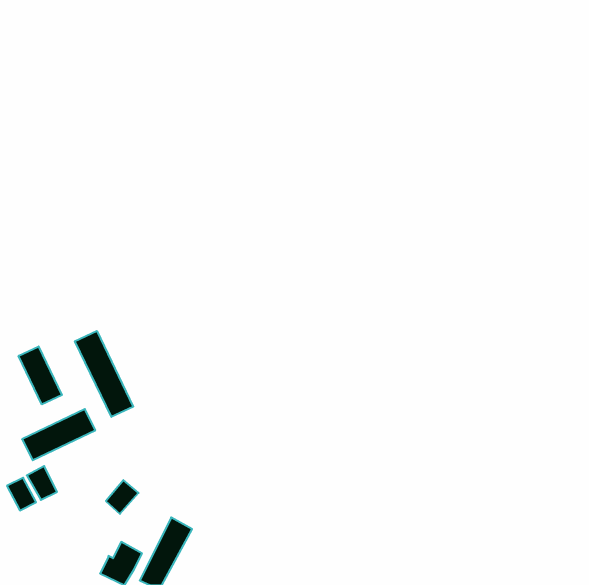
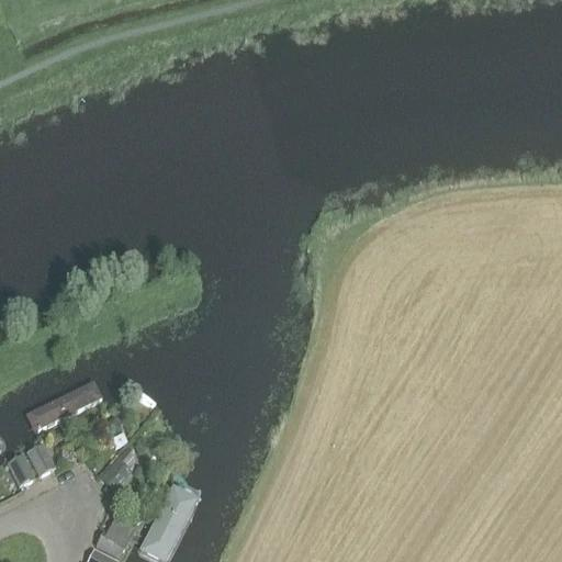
building: [75,331,133,417] -> none
building: [19,346,62,404] -> none

